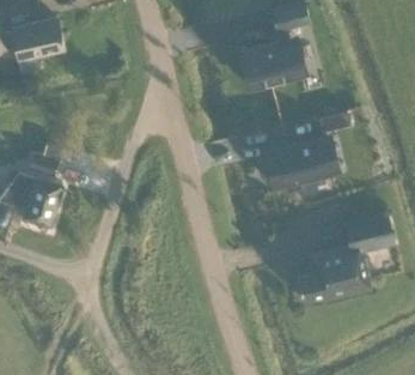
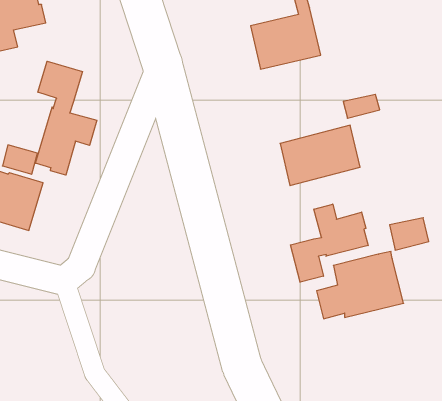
building: none -> [36,61,97,175]
building: none -> [290,204,368,282]

